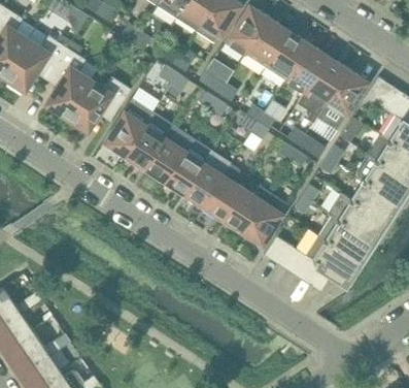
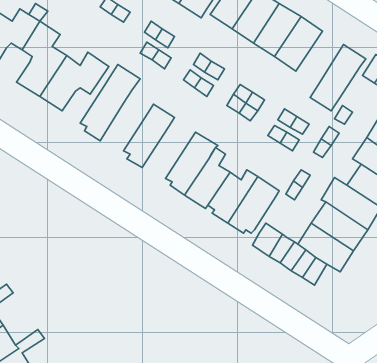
building: [298,56,348,123] -> none
building: [123,110,172,167] -> none
building: [162,136,211,193] -> none

